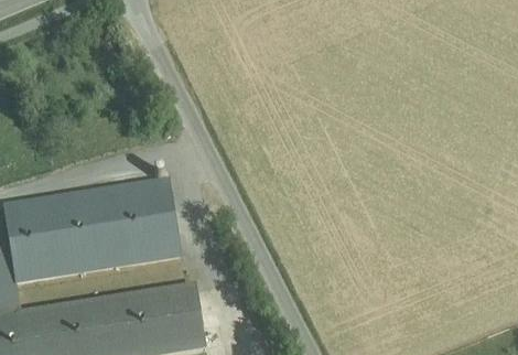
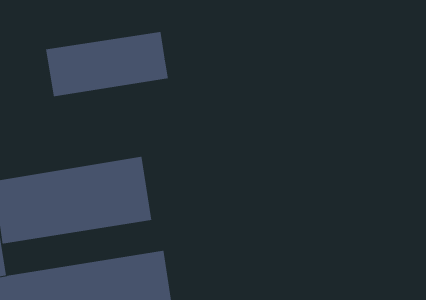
building: none -> [46,31,168,97]

